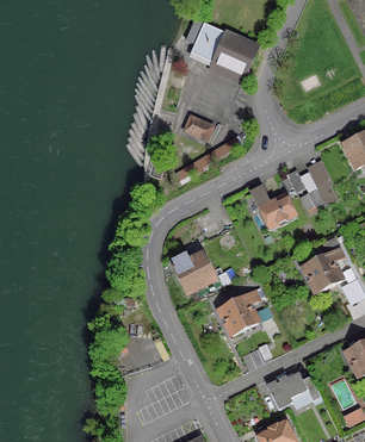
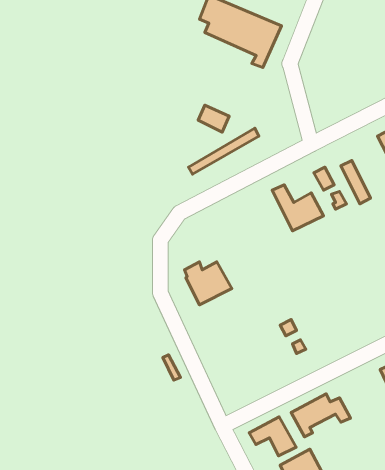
building: [302,247,344,292] -> none
building: [218,290,259,334] -> none
building: none -> [249,417,296,456]

